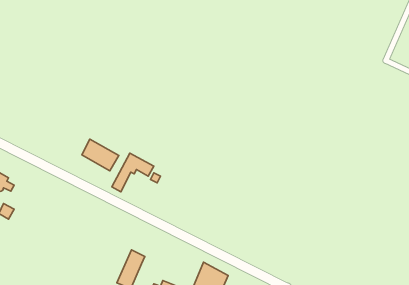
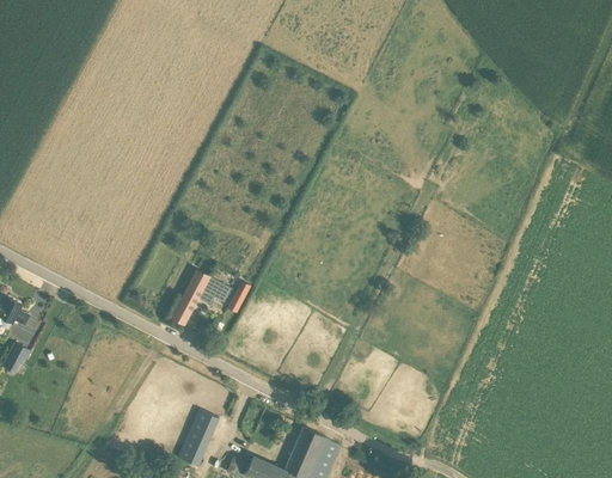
building: [82,139,119,171] -> none

